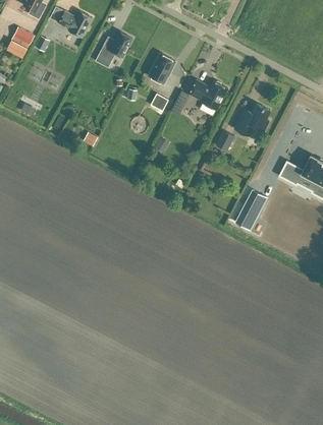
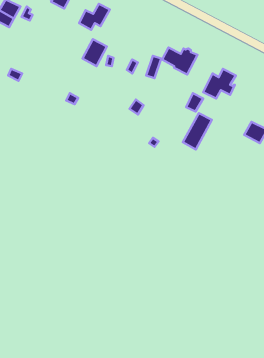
building: [148,54,174,83] -> [82,39,107,66]
building: [234,190,266,230] -> [183,113,212,150]

